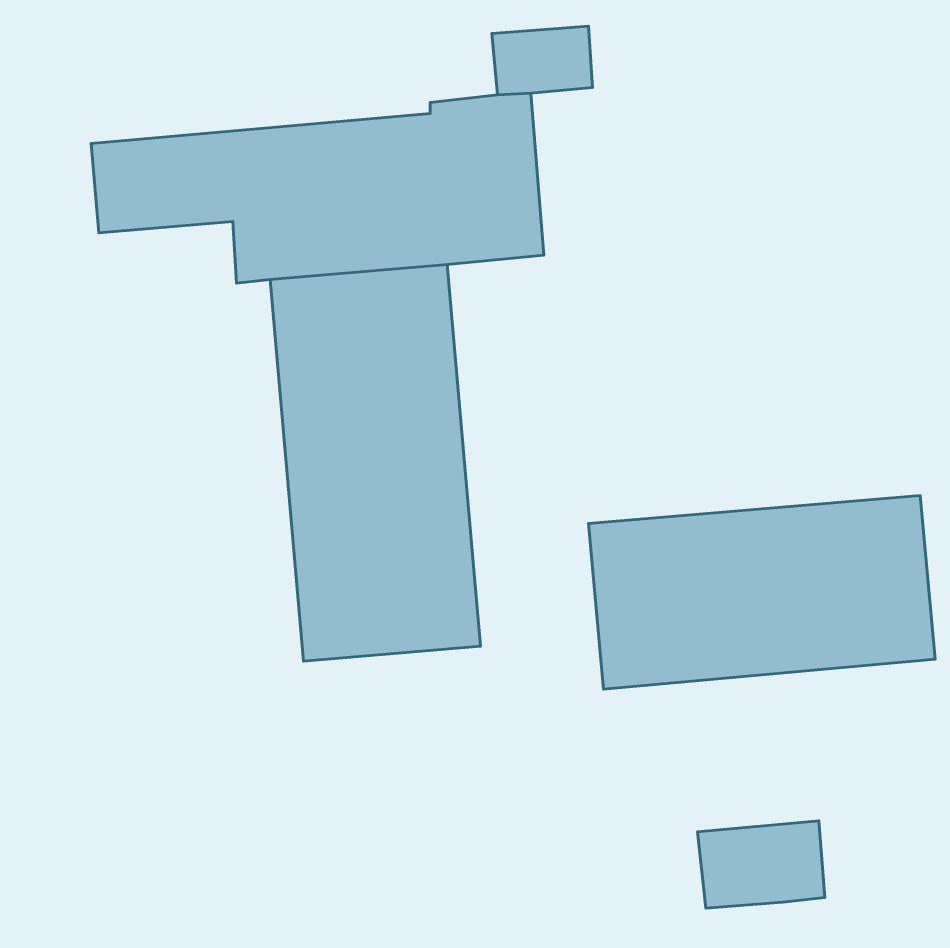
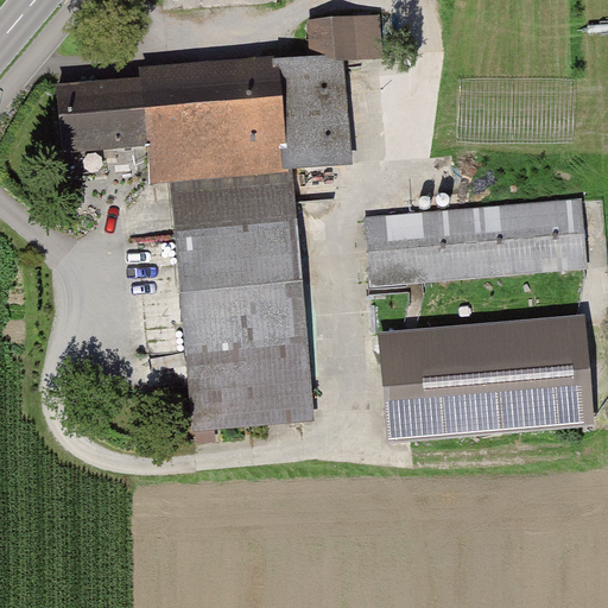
building: none -> [366,196,589,286]
building: [698,821,825,908] -> none

